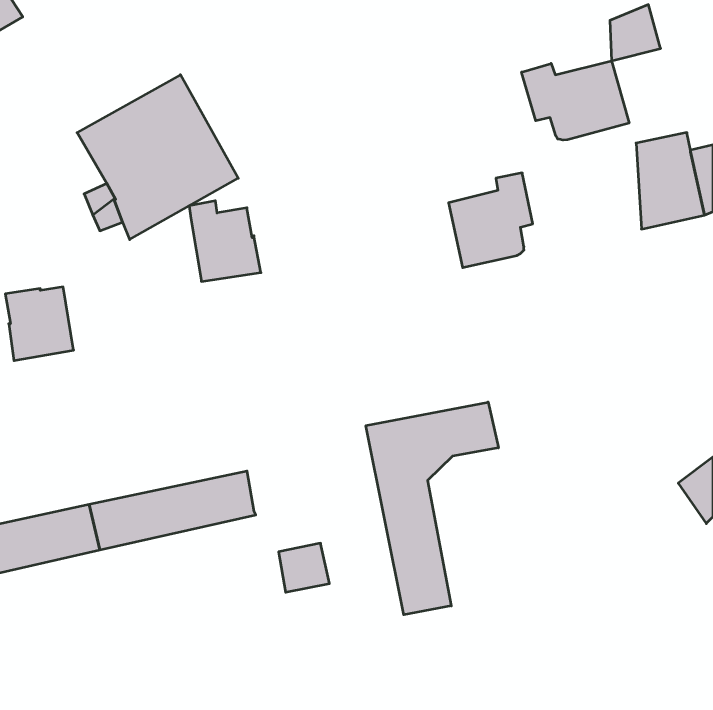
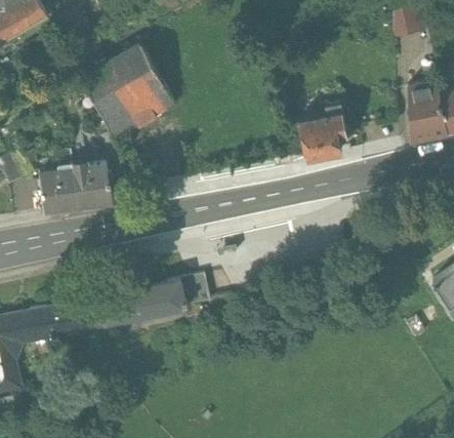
building: [522,61,629,140] -> none
building: [189,201,261,281] -> [72,160,114,207]
building: [366,402,498,615] -> none
building: [279,543,329,592] -> [180,273,210,302]

